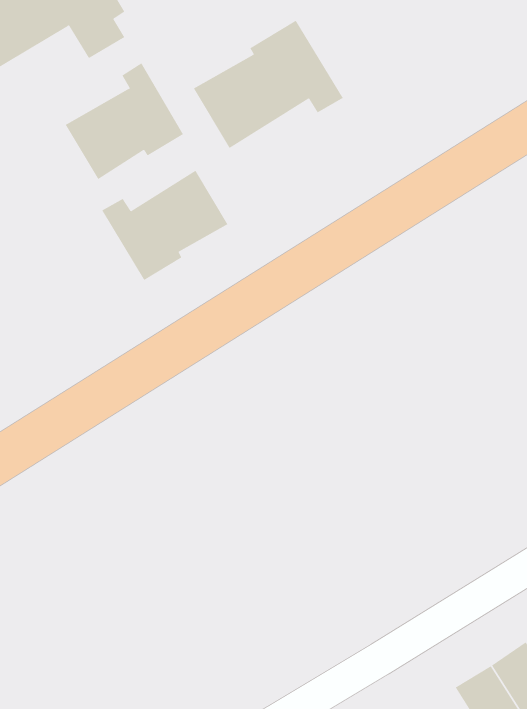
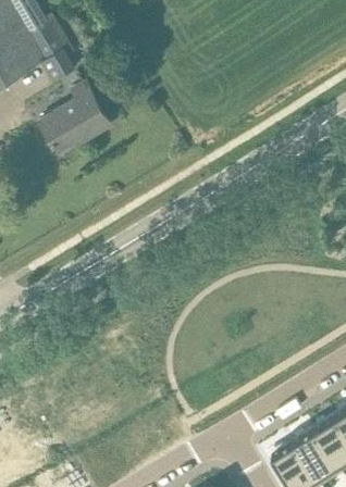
building: [193,20,344,149] -> none
building: [101,170,228,281] -> none

